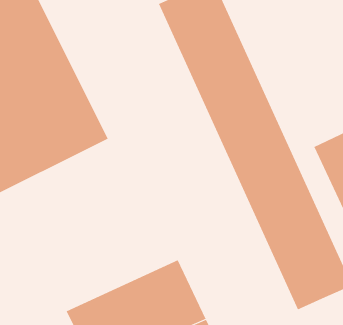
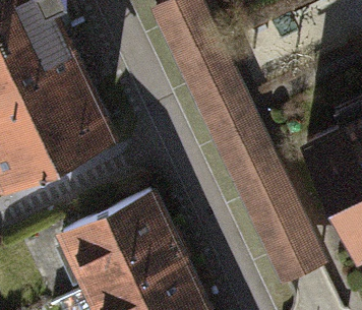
building: none -> [54,194,180,295]

